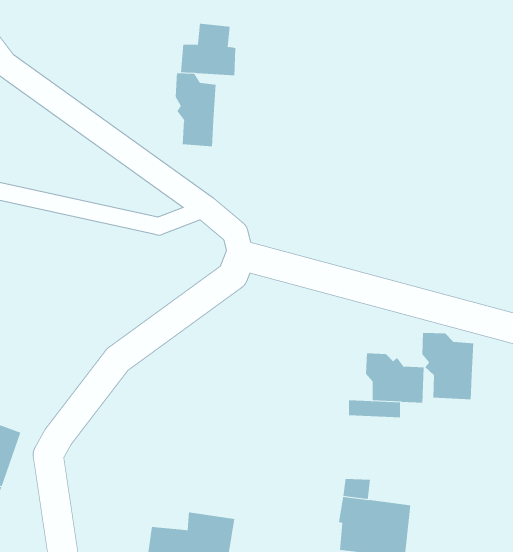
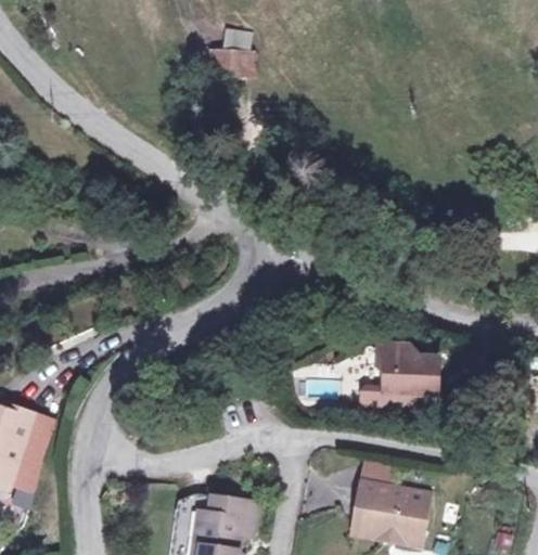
building: [175,72,216,147] -> none
building: [422,332,474,400] -> none

